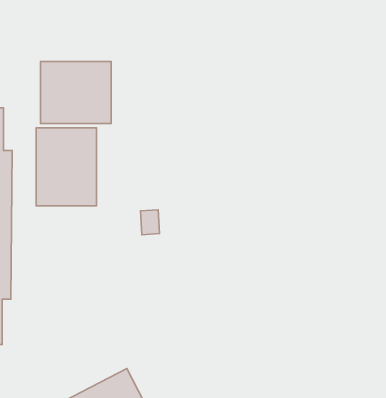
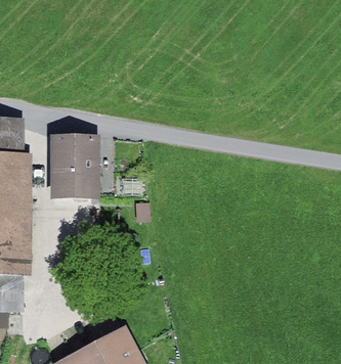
building: [41,62,111,124] -> none

